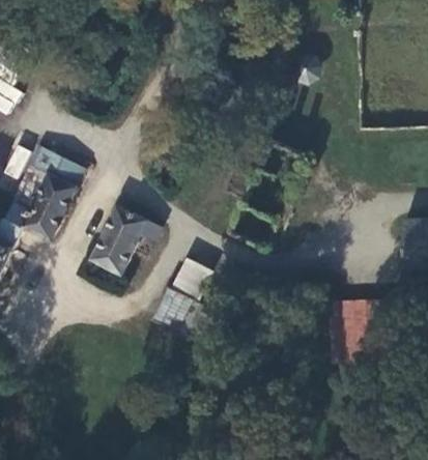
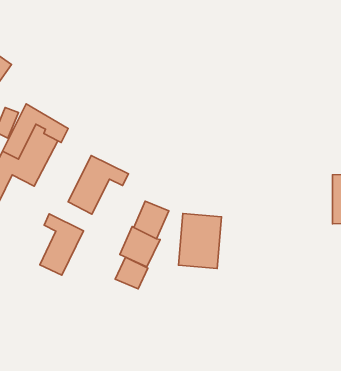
building: none -> [40,214,83,275]
building: [333,300,383,366] -> [179,213,221,269]
building: none -> [115,257,148,289]

